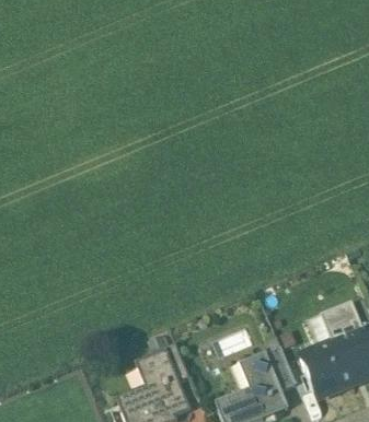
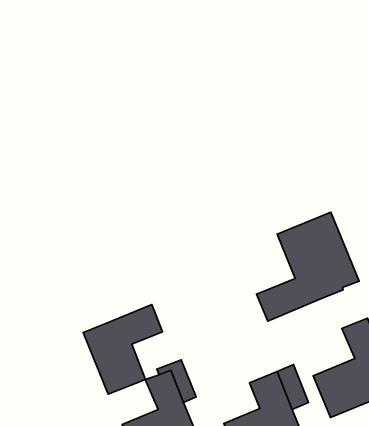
building: none -> [256,212,359,321]
building: none -> [83,305,162,394]

